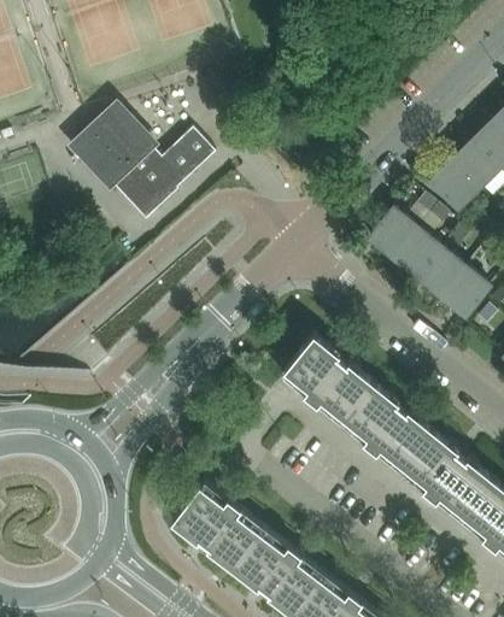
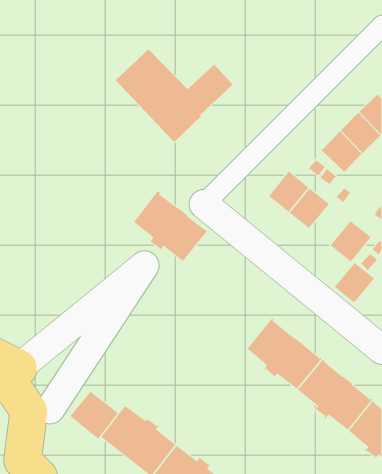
building: [72,111,212,222] -> [115,49,233,143]
building: [414,248,462,296] -> [334,262,375,303]
building: [281,334,369,418] -> [133,190,208,262]
building: none -> [70,391,119,440]

